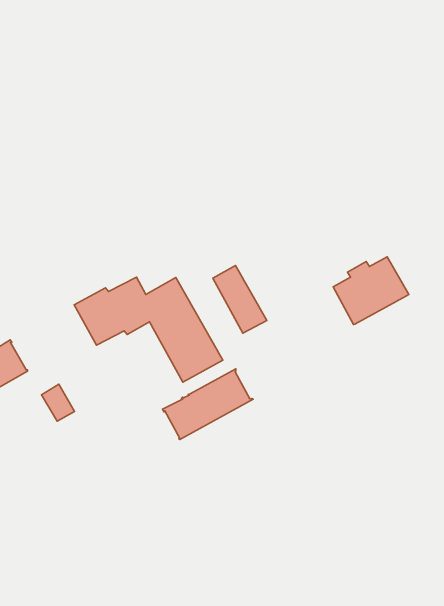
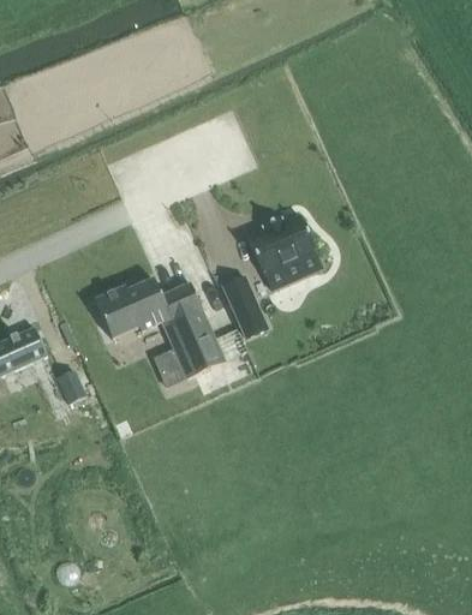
building: [333,257,409,324] -> [247,215,316,274]
building: [163,369,253,440] -> none

